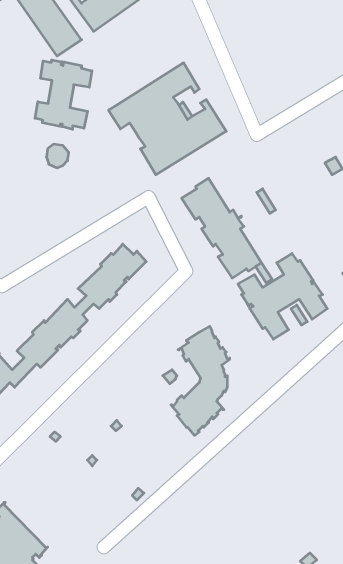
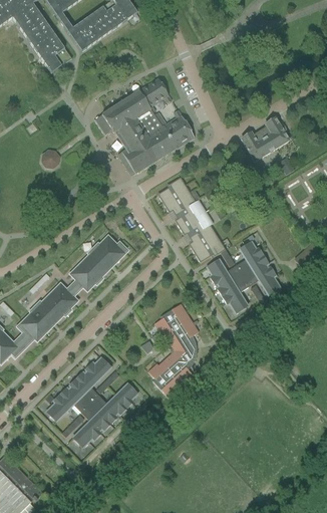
building: [35,60,92,129] -> none
building: none -> [242,117,290,161]
building: none -> [48,356,138,446]

